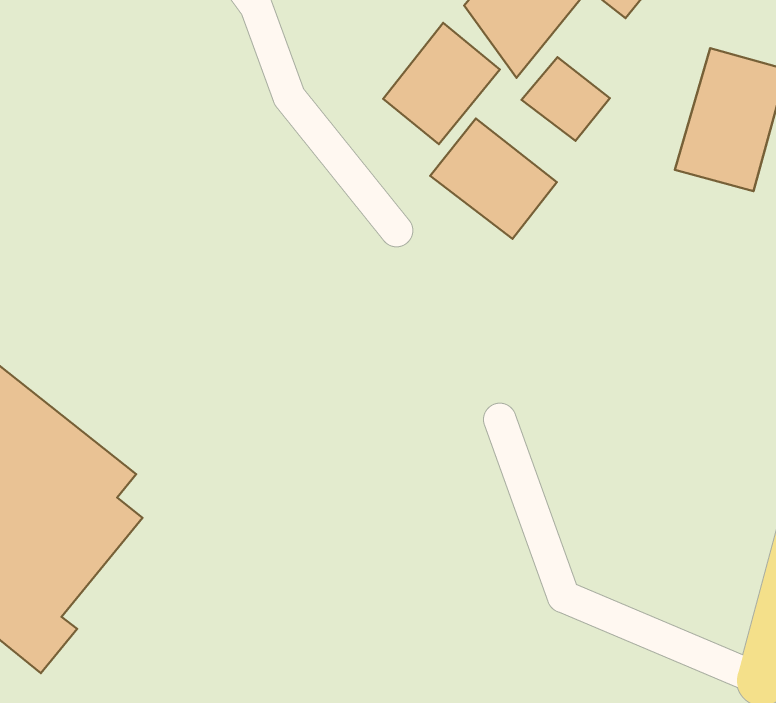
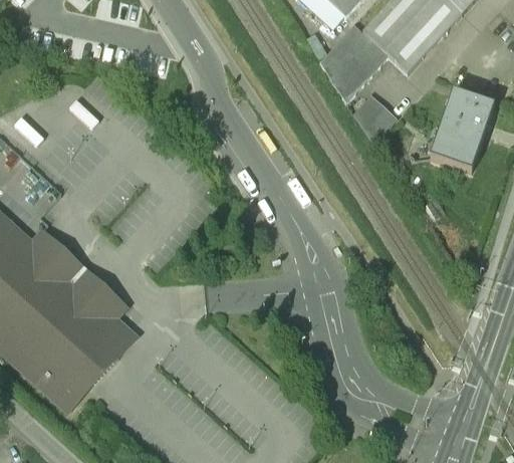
building: [383,23,500,144] -> none
building: [430,118,557,239] -> none

